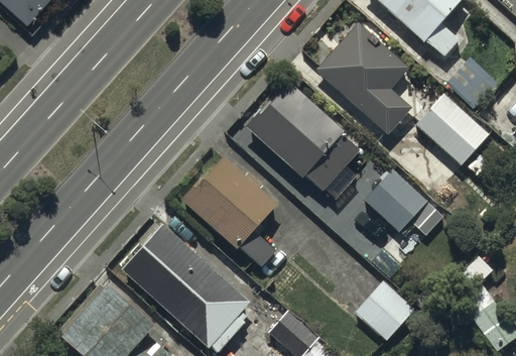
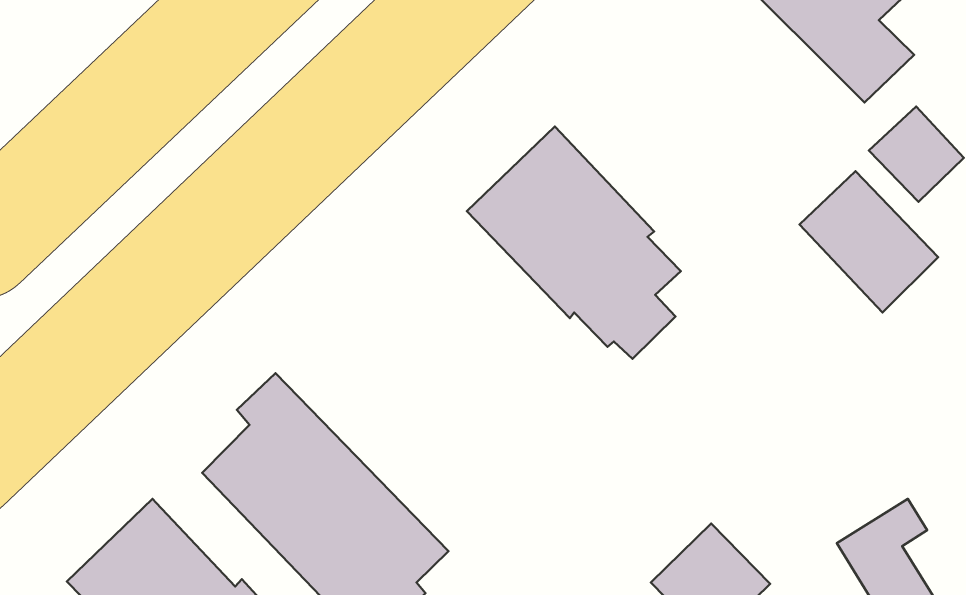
building: [316,23,412,135] -> none
building: [180,158,278,266] -> none
building: [366,166,428,230] -> none

